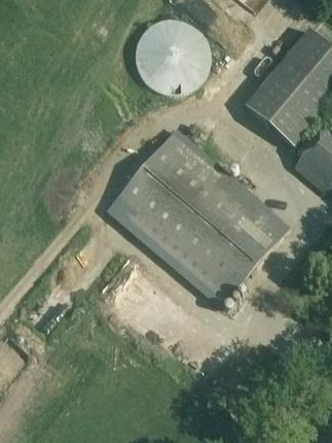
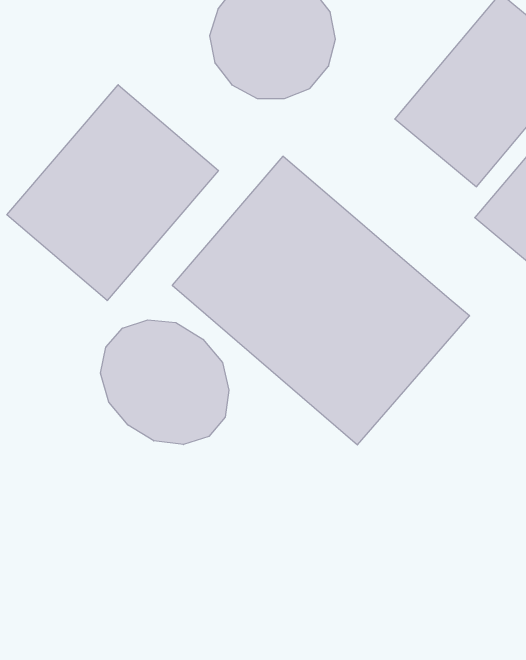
building: none -> [7,85,218,301]
building: none -> [101,320,229,445]

